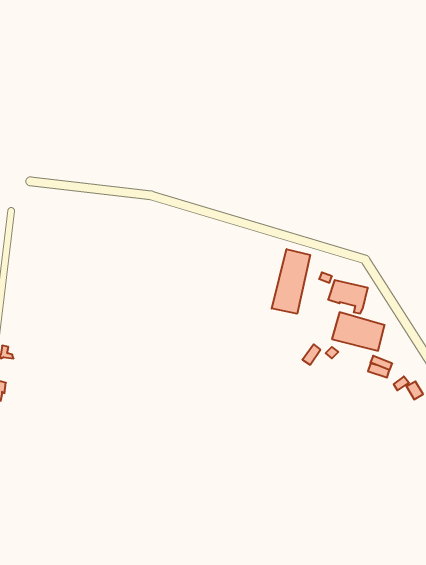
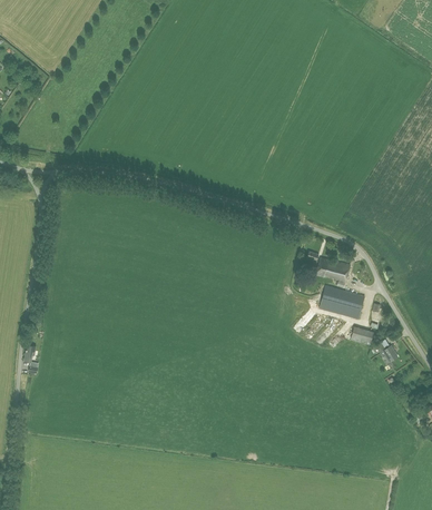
building: [272,249,310,314] -> none

